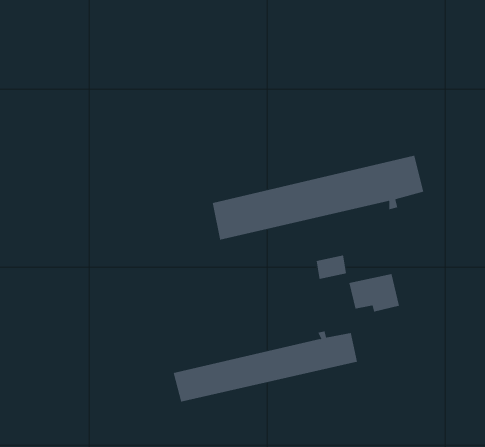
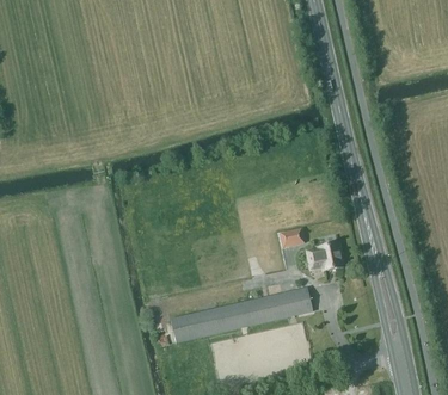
building: [212,155,424,241] -> none

